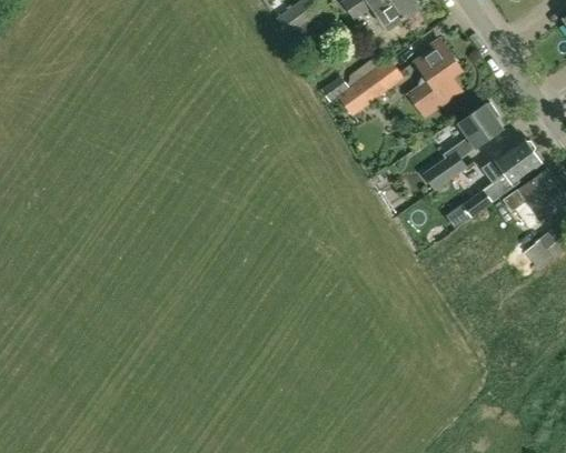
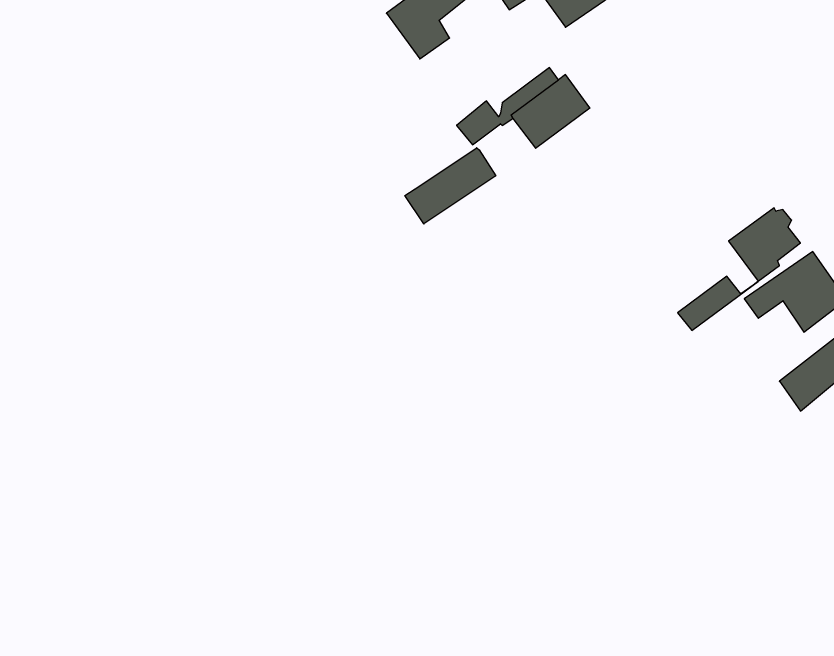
building: [406,42,463,120] -> none
building: [423,102,502,190] -> none
building: none -> [405,148,496,224]

